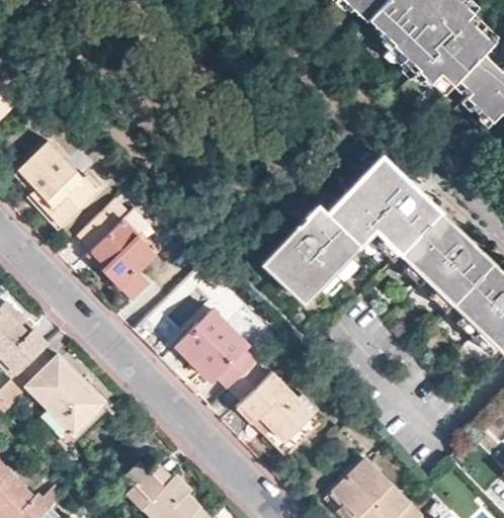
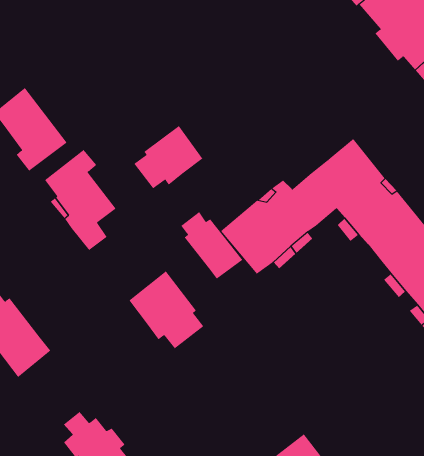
building: none -> [134,125,203,189]
building: none -> [180,211,243,279]
building: [228,361,317,441] -> none

